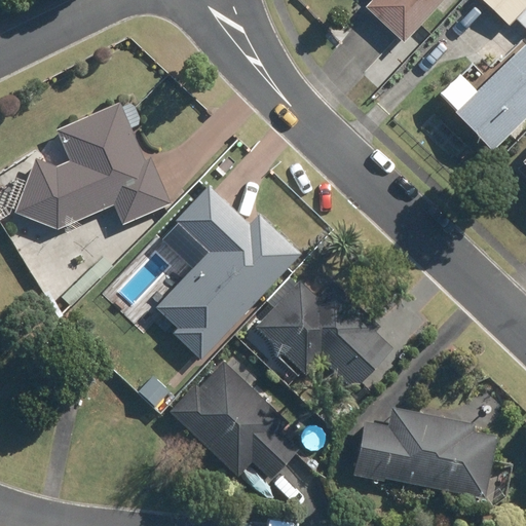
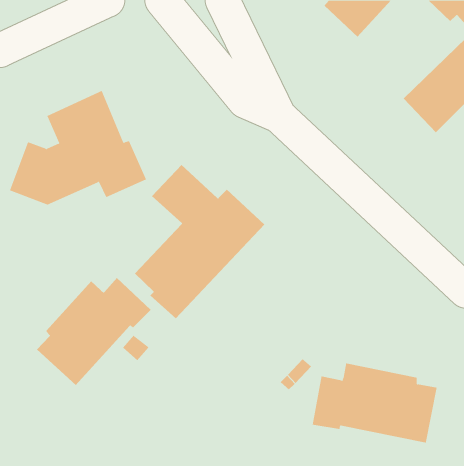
building: [258,281,393,388] -> none
building: none -> [36,277,152,386]
building: [171,361,299,478] -> none

